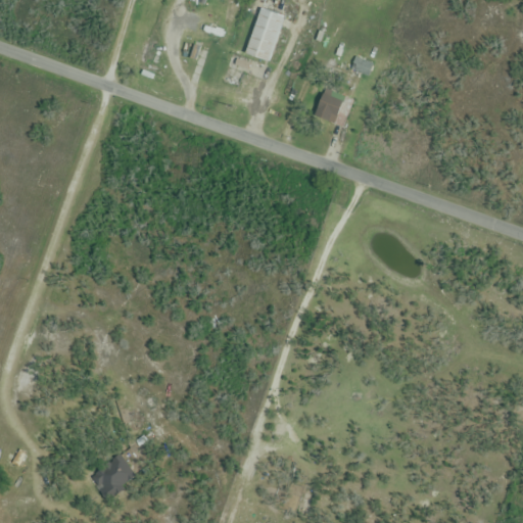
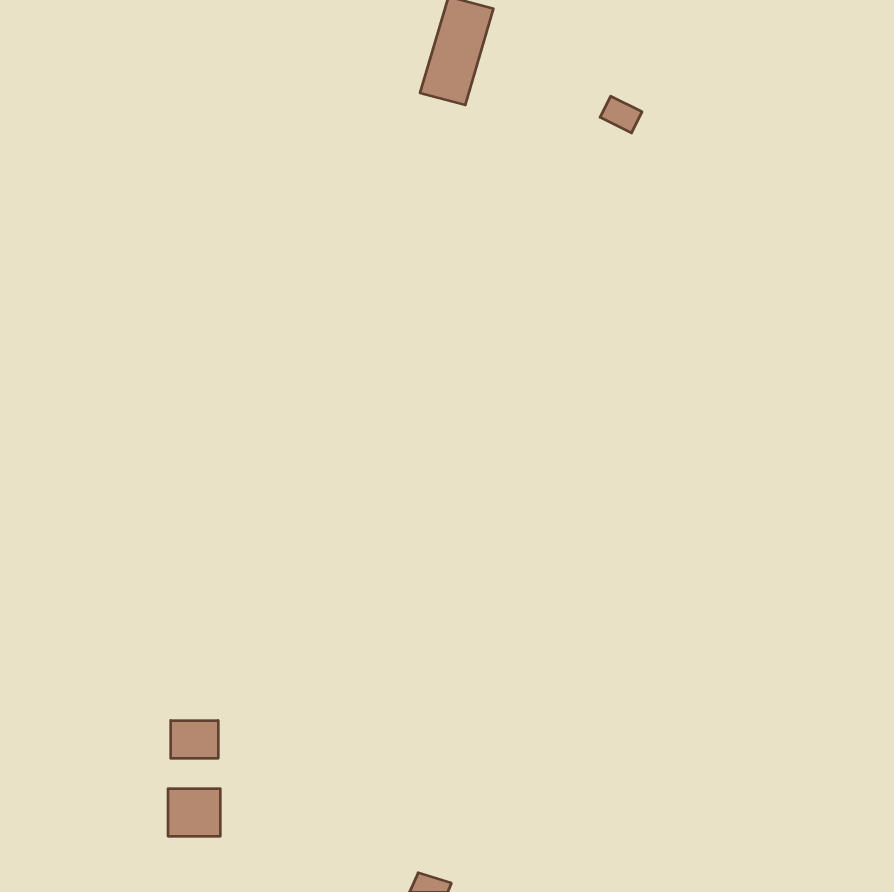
building: [314,89,352,127] -> none
building: none -> [171,720,218,758]

